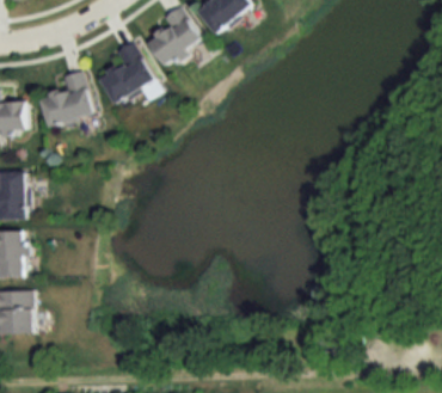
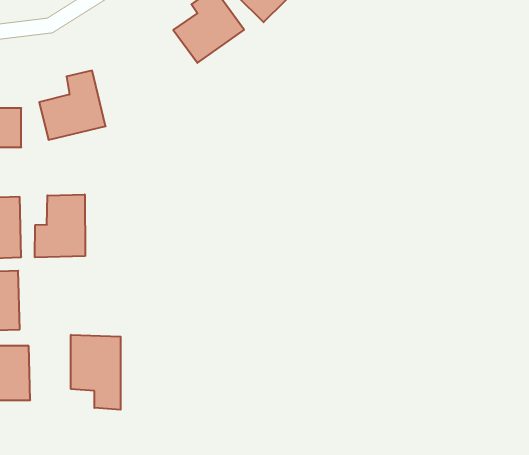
building: [99,41,155,104] -> none
building: none -> [35,194,85,257]
building: none -> [71,335,121,410]

